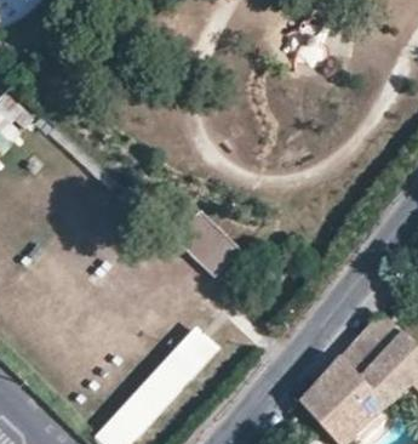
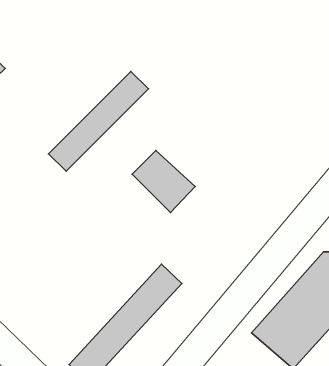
building: none -> [48,71,149,171]

